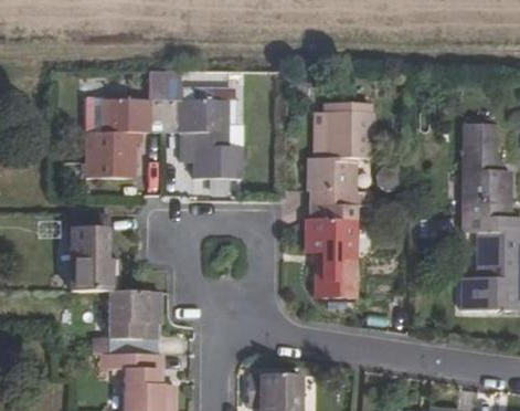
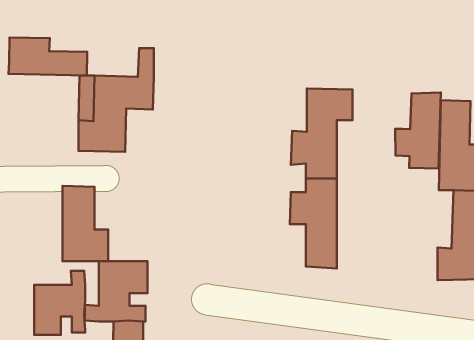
building: none -> [9,37,87,76]
building: [165,70,243,179] -> none
building: none -> [395,93,441,169]
building: none -> [34,271,85,335]

